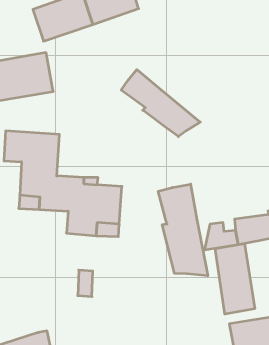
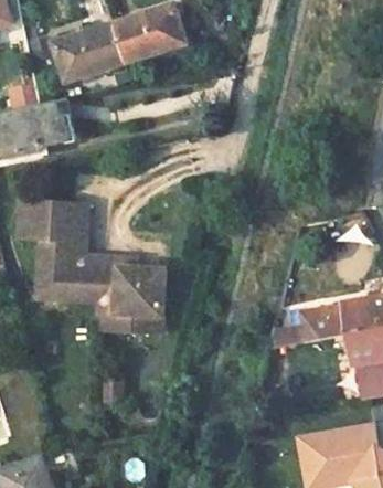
building: [121,70,200,137] -> none
building: [158,184,208,276] -> none
building: [215,244,255,314] -> none

